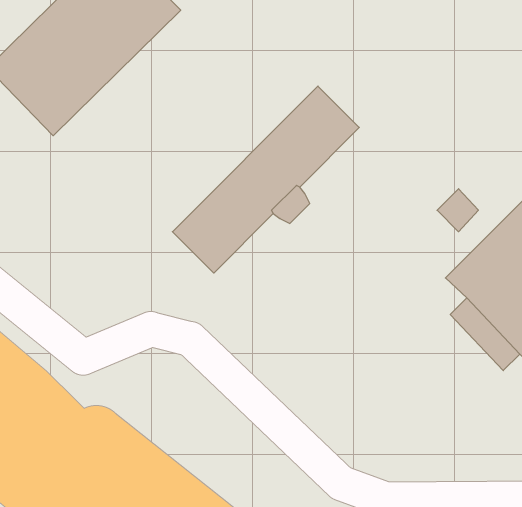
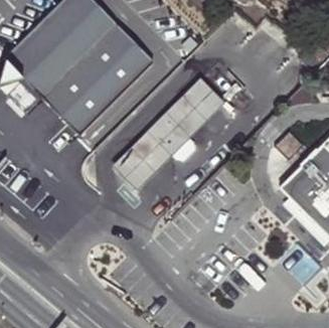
building: none -> [43,24,161,141]

